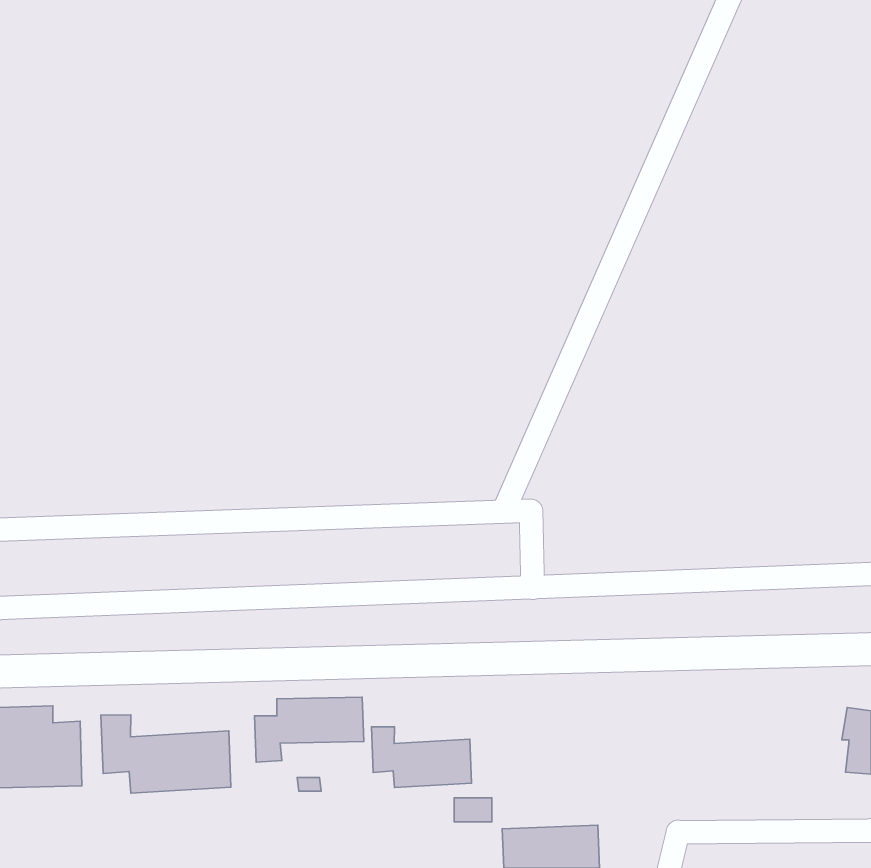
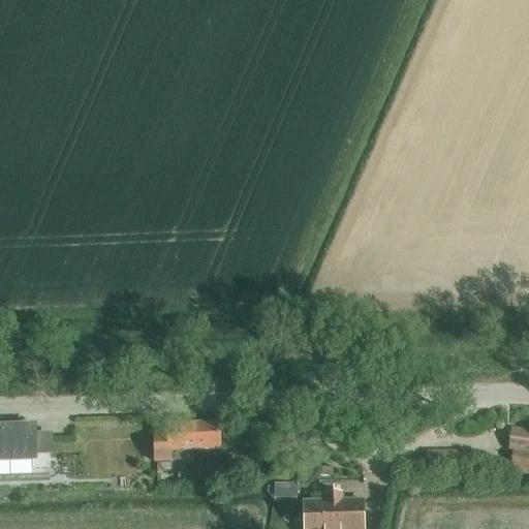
building: [101,715,231,793] -> none
building: [371,727,472,788] -> none

